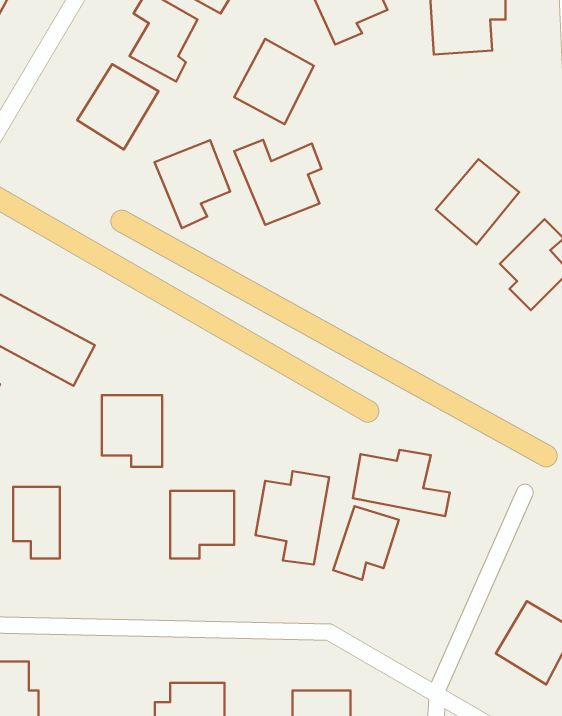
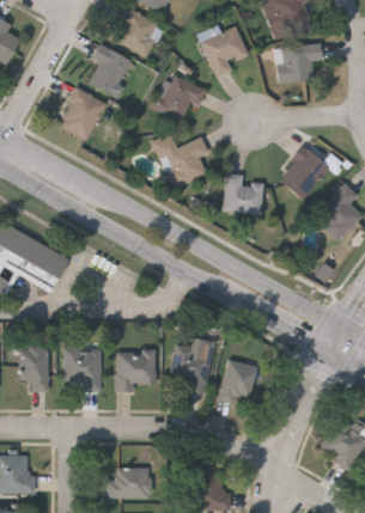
building: [155,140,230,228] -> none
building: none -> [225,172,266,214]
building: [102,395,162,467] -> [63,348,101,392]
building: [353,450,450,516] -> none

